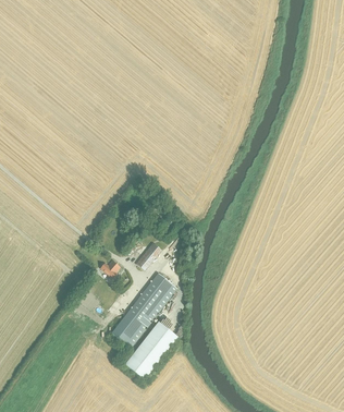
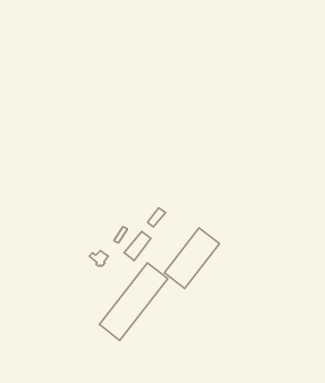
building: [123,320,176,379] -> [164,228,219,289]

